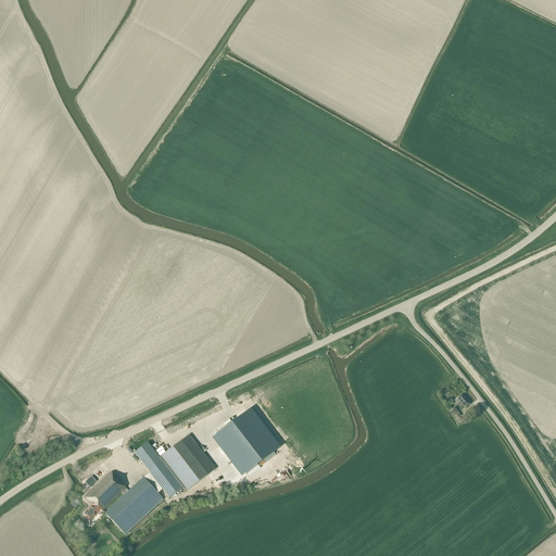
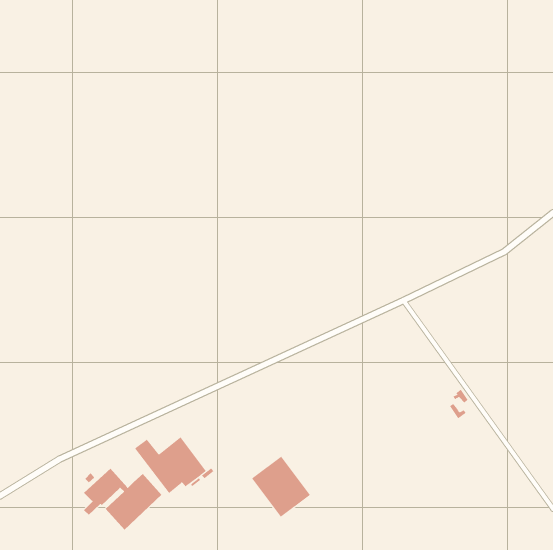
building: [216,409,276,471] -> [251,456,311,518]

